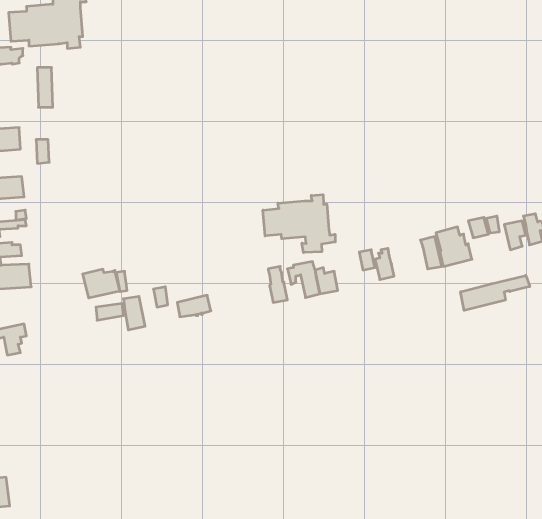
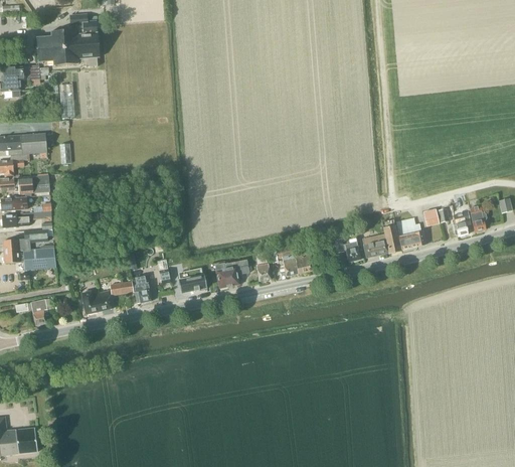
building: [263,195,335,253] -> none
building: none -> [362,233,388,257]
building: [83,269,120,298] -> [80,289,112,313]
building: [461,275,530,310] -> none
building: none -> [214,259,248,287]

